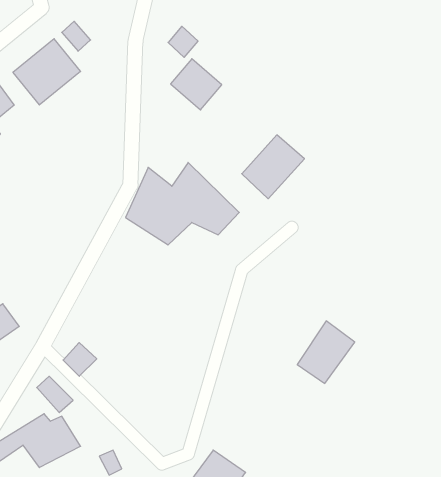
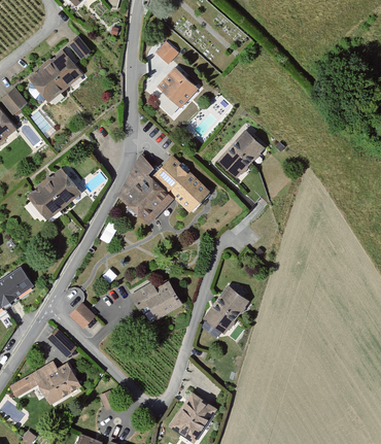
building: none -> [27,168,81,220]
building: none -> [127,280,182,319]
building: [297,321,355,383] -> [203,283,250,335]

